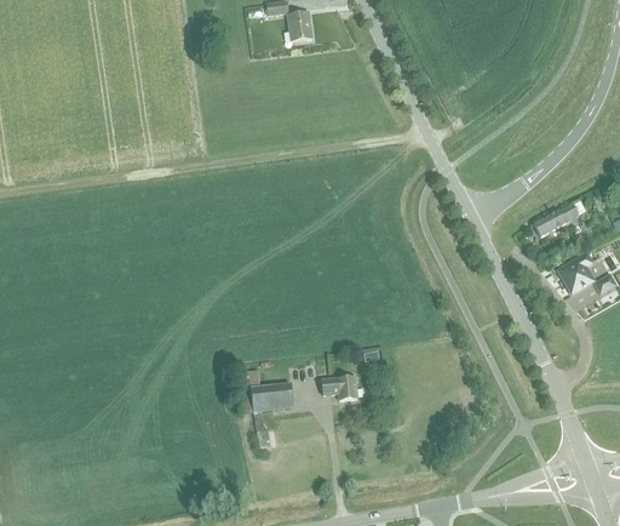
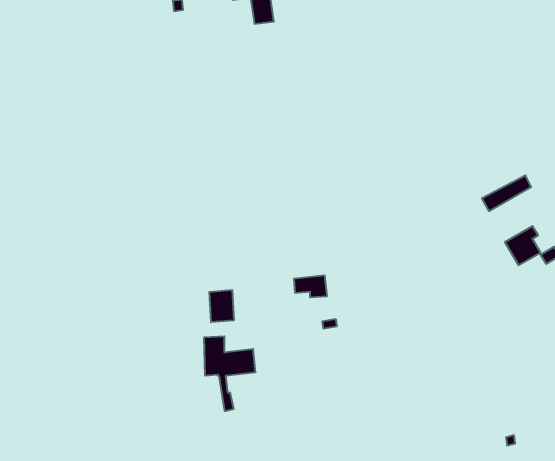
building: none -> [209,290,234,322]
building: [322,377,357,400] -> [294,275,327,297]

